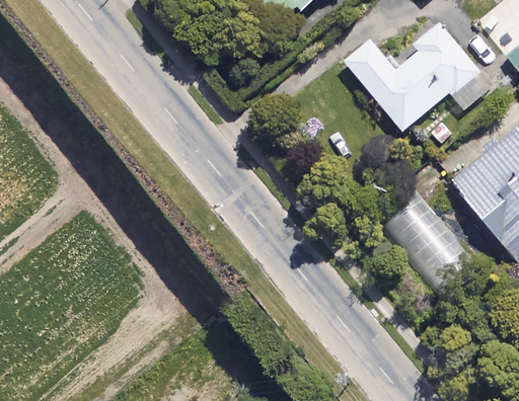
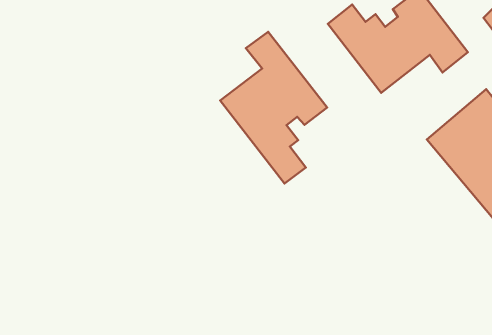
building: none -> [220,32,327,183]

